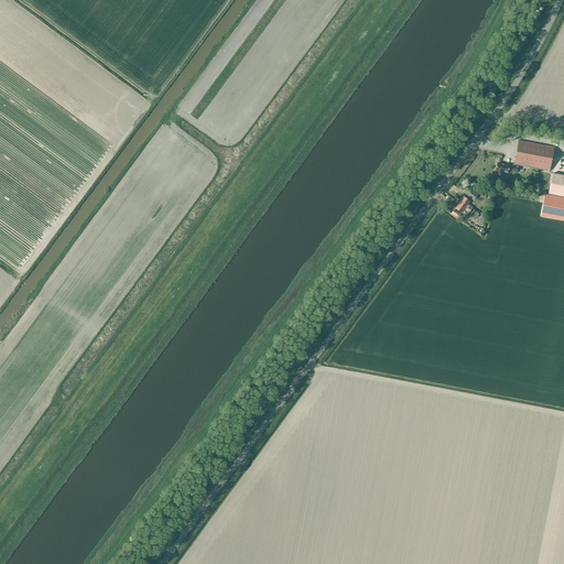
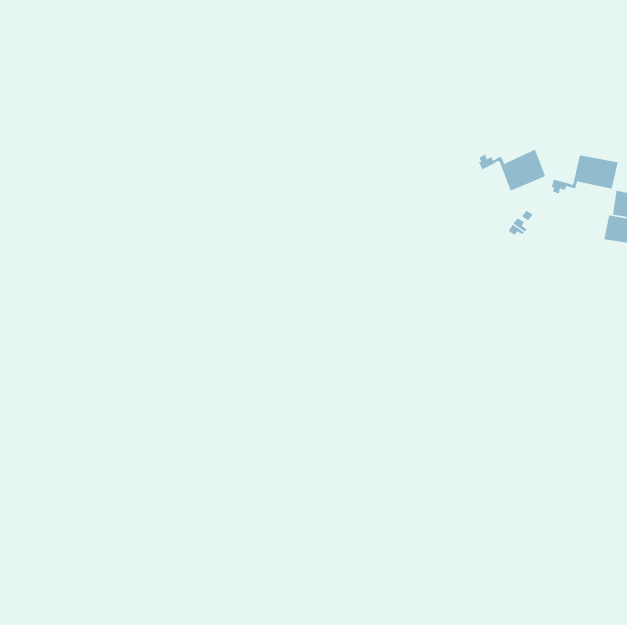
building: none -> [478,149,546,191]

